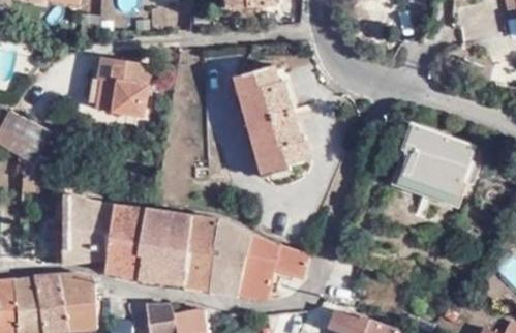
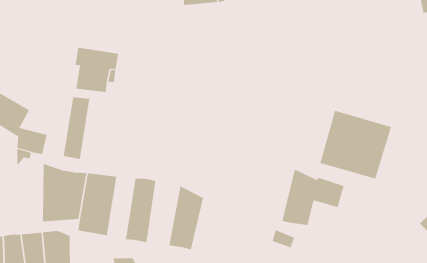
building: [233,67,314,180] -> none
building: [138,210,170,283] -> [63,97,90,160]
building: [184,215,222,291] -> none
building: [236,235,309,301] -> [282,169,344,226]

